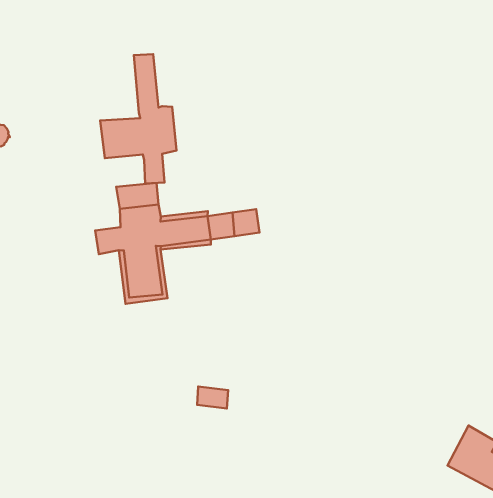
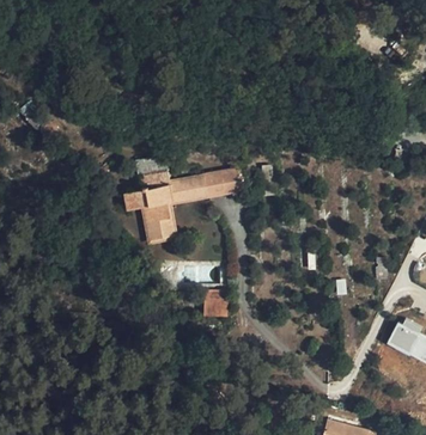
building: [100,54,177,183] -> none

